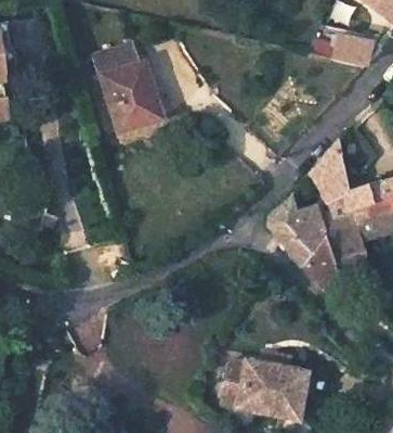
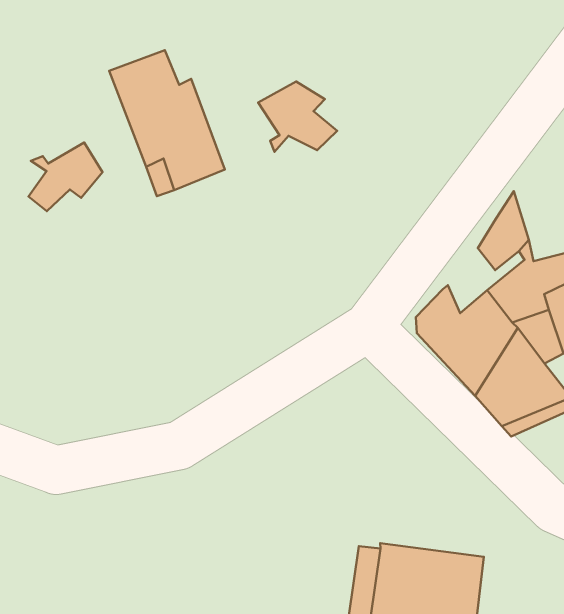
building: [307,31,368,66] -> none
building: none -> [258,81,337,152]
building: none -> [28,143,103,211]

